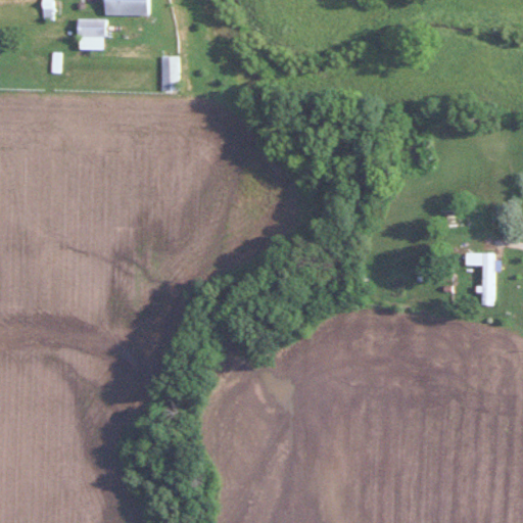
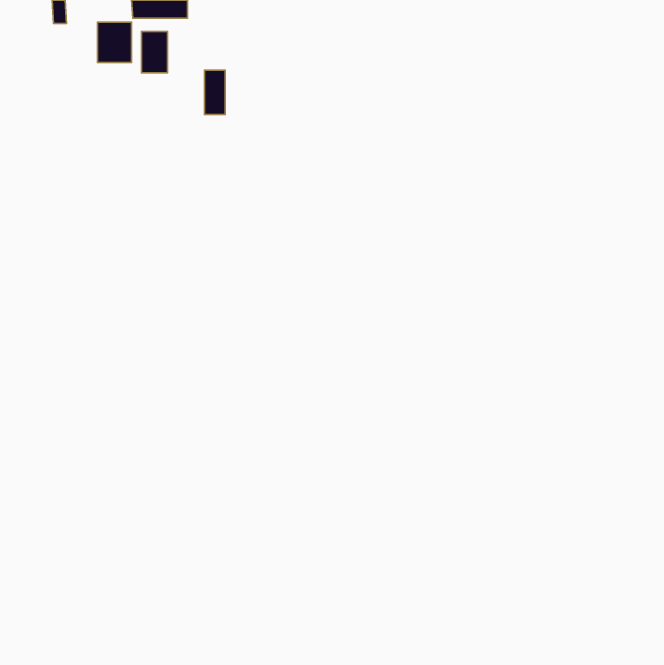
building: none -> [142,32,167,73]
building: [466,251,493,303] -> none

